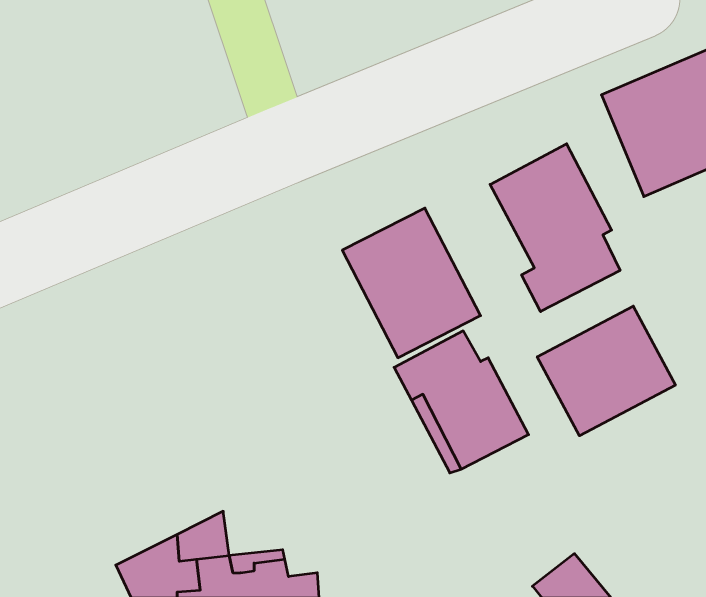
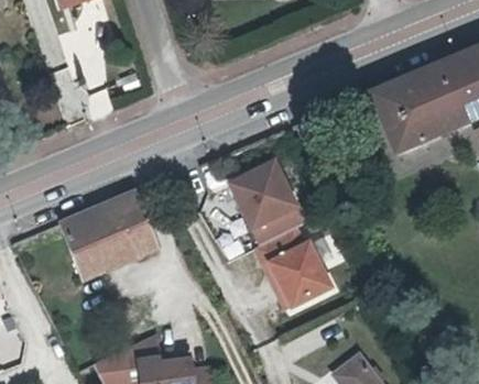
building: [490,144,620,312] -> none
building: none -> [59,194,153,273]
building: [537,306,675,436] -> none

